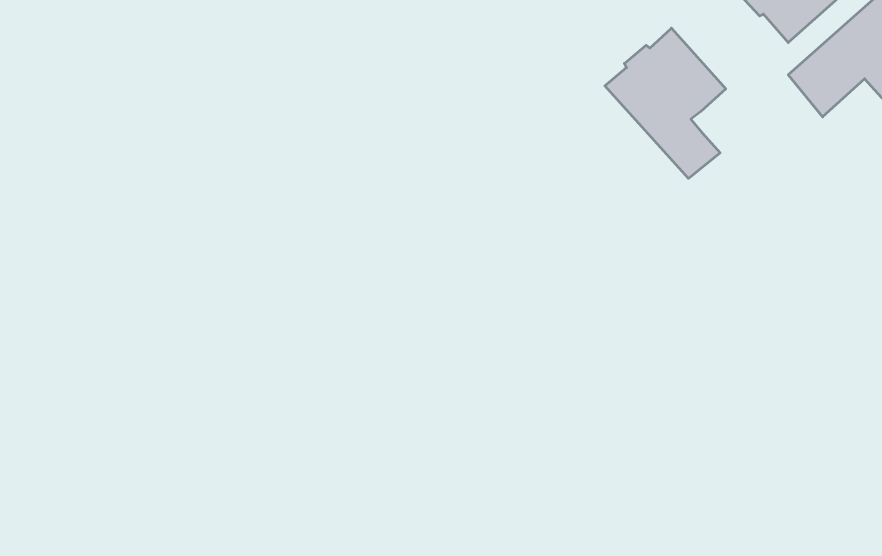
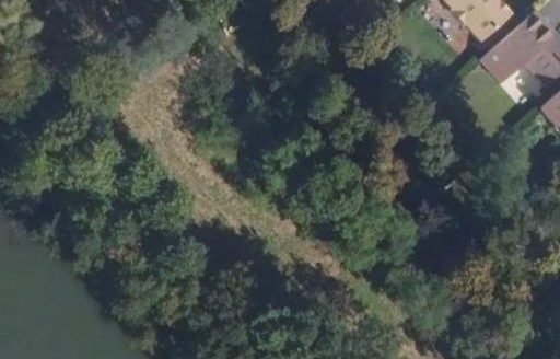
building: [605,28,726,178] -> none

